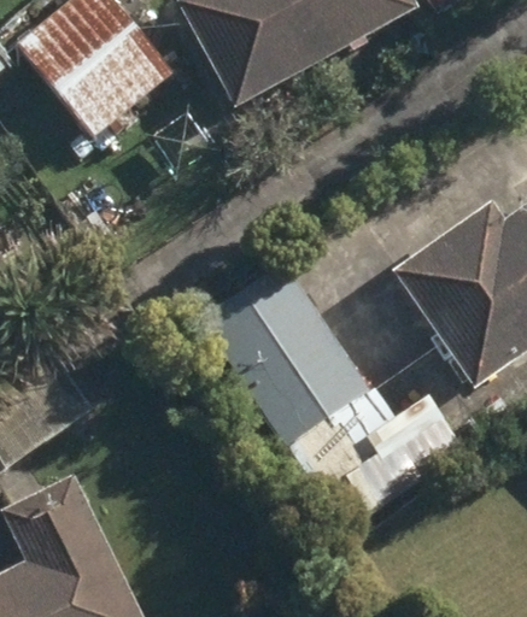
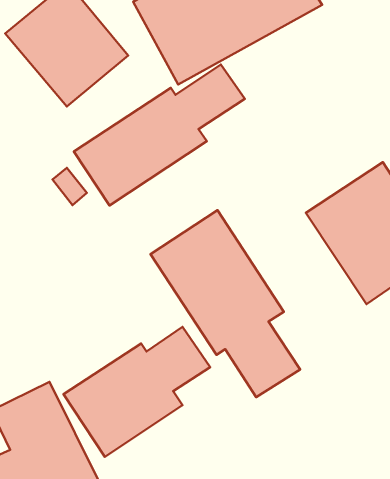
building: none -> [74,64,245,206]
building: none -> [64,327,210,457]

